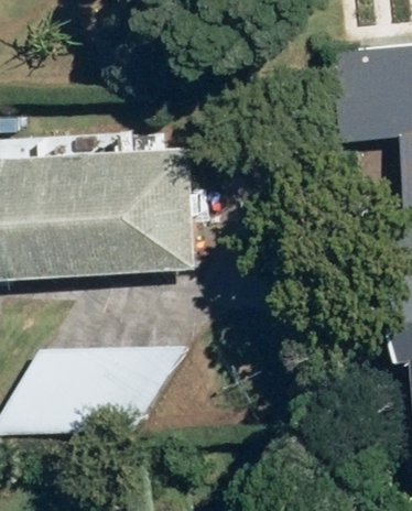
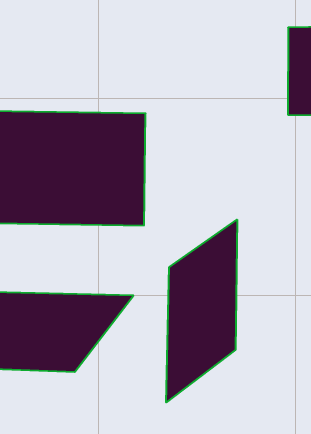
building: none -> [166,220,237,402]

